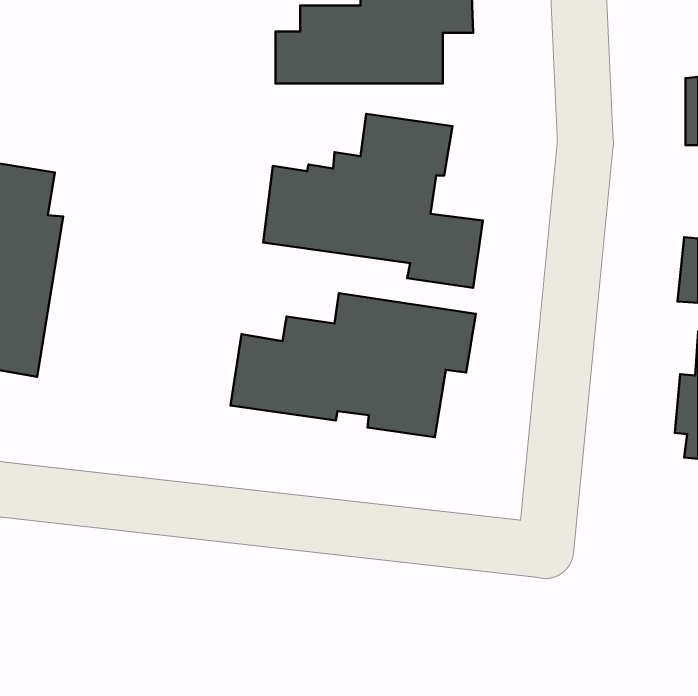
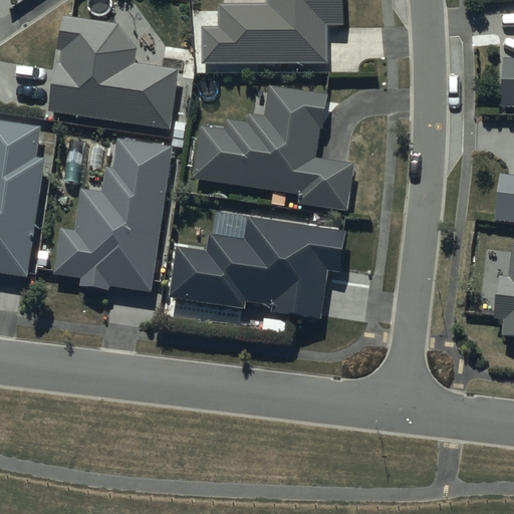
building: none -> [48,15,177,128]
building: none -> [53,138,170,290]

